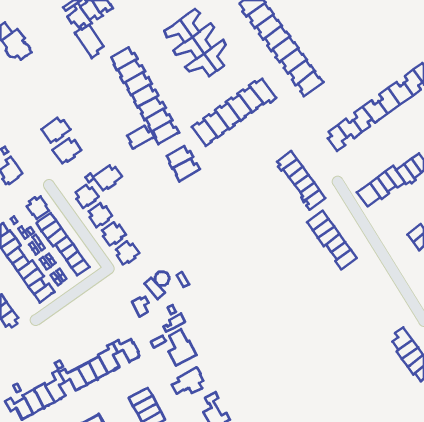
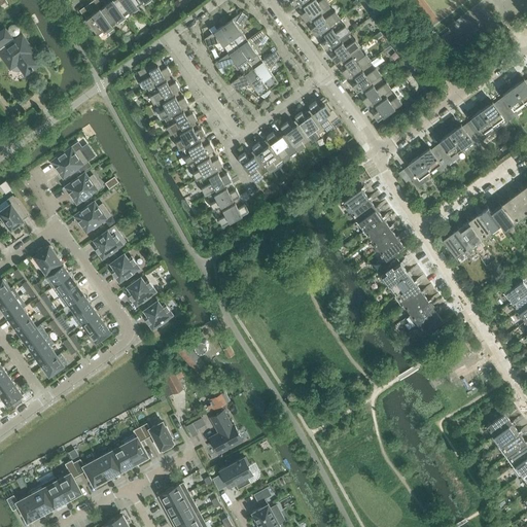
building: [75,25,104,58] -> none
building: [127,126,154,149] -> [198,168,232,197]
building: [93,165,122,190] -> [74,203,110,234]

